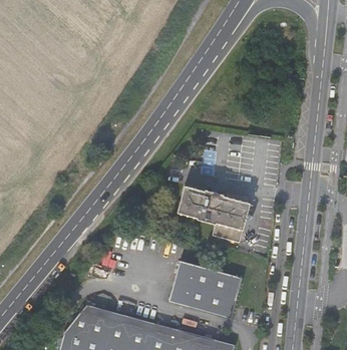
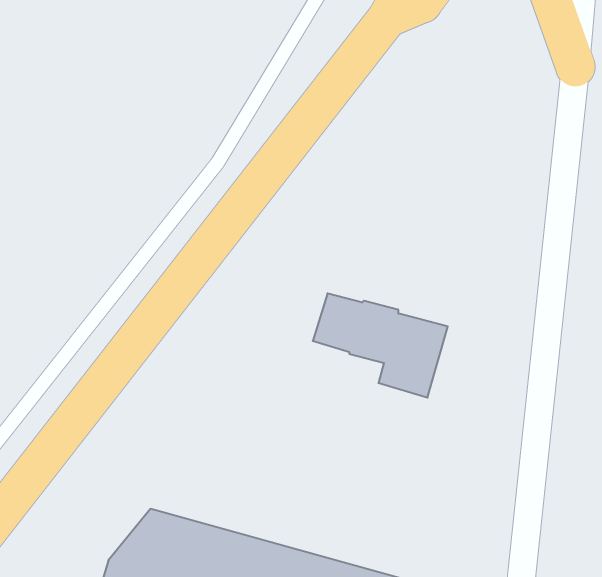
building: [169,263,244,320] -> none

